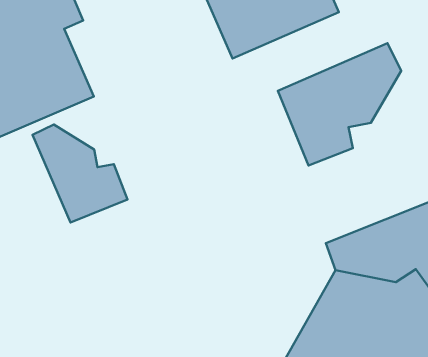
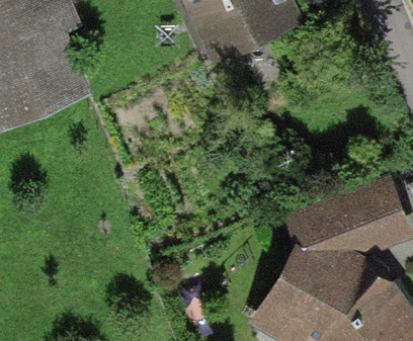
building: [278,43,401,166] -> none
building: [33,125,128,223] -> none

